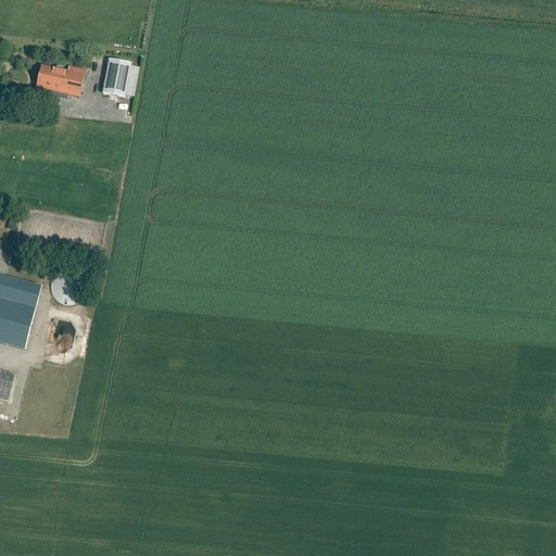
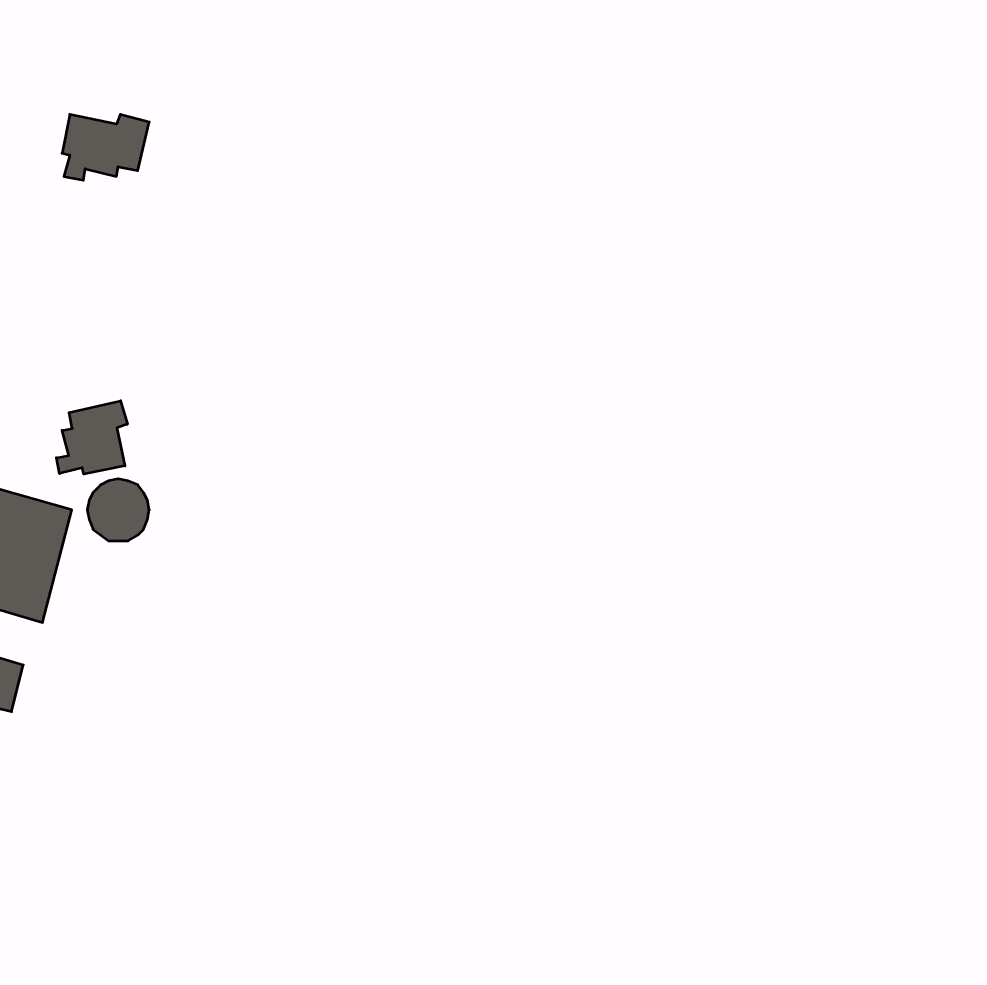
building: [100,58,129,96] -> none
building: none -> [56,401,127,474]

